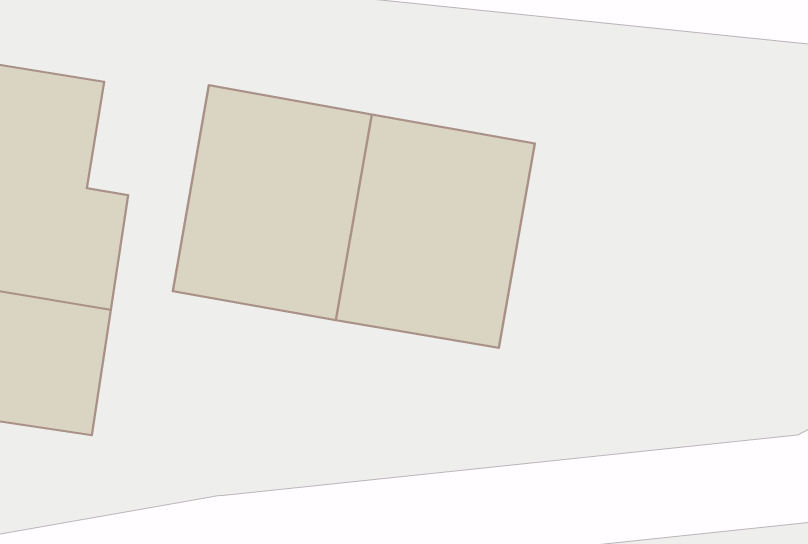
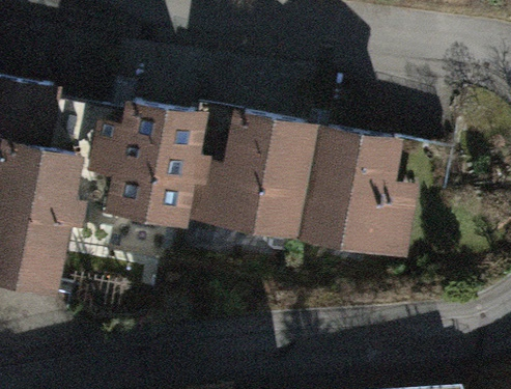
building: none -> [305,124,425,266]

